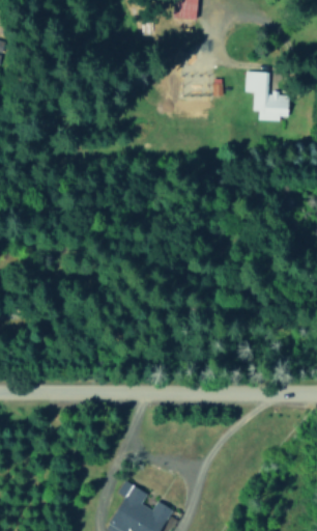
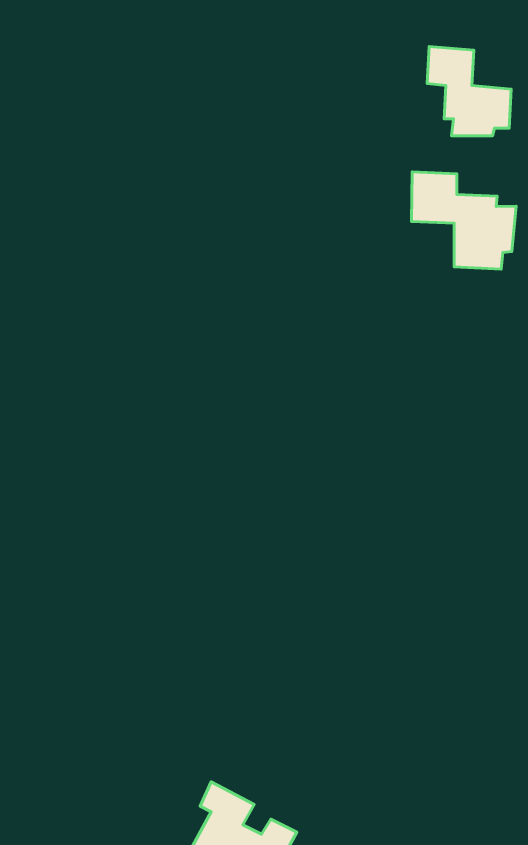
building: none -> [412,172,516,269]

